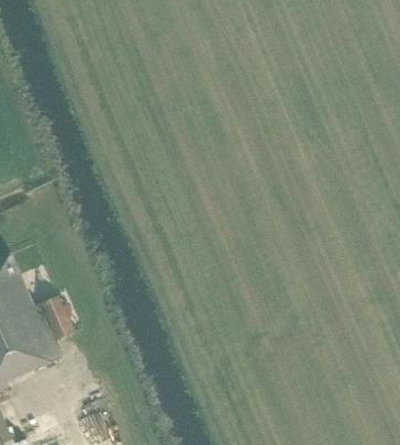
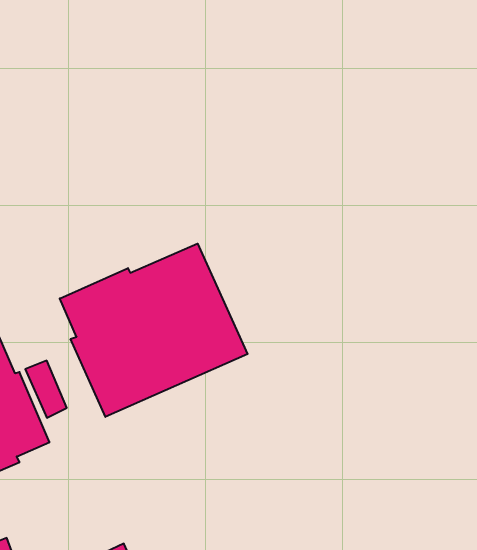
building: none -> [60,244,248,417]

